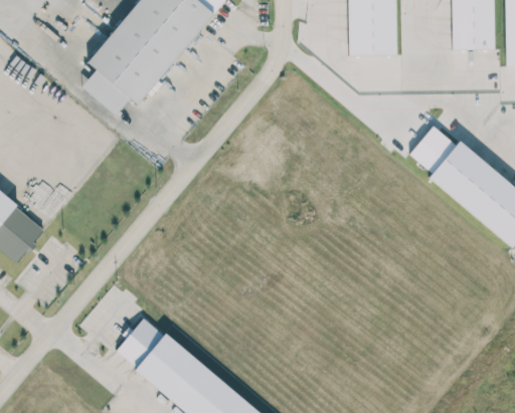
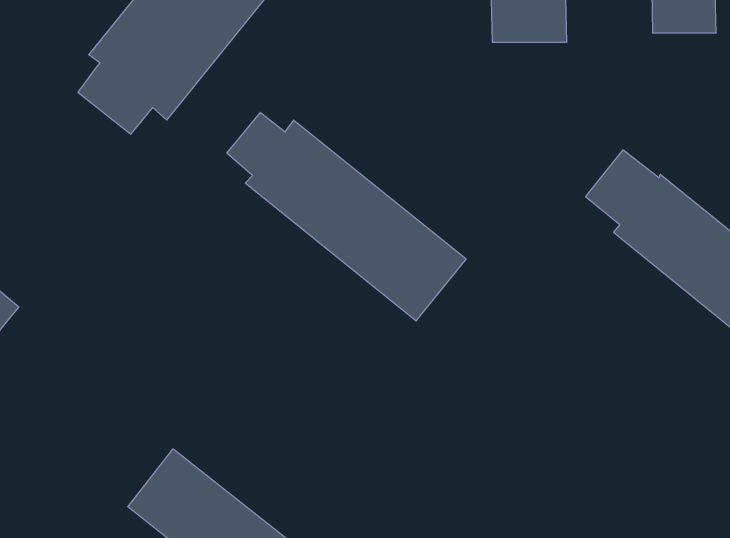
building: none -> [227,112,466,321]

